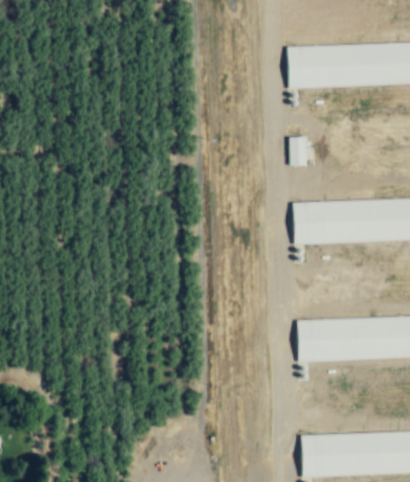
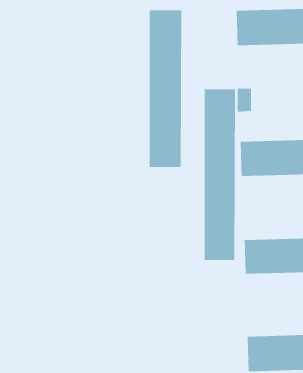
building: none -> [149,10,182,168]
building: none -> [204,88,236,261]

